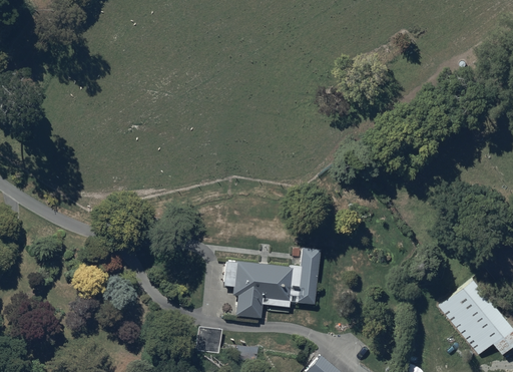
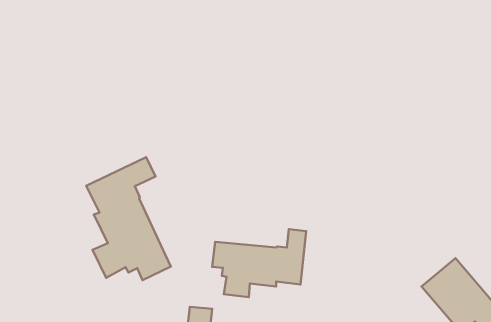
building: none -> [86,157,171,280]

